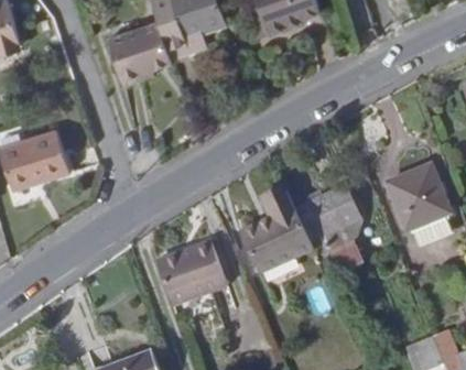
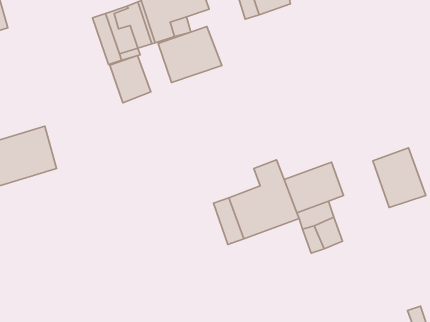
building: none -> [158,26,222,83]
building: none -> [110,56,151,103]
building: [163,235,231,298] -> none

